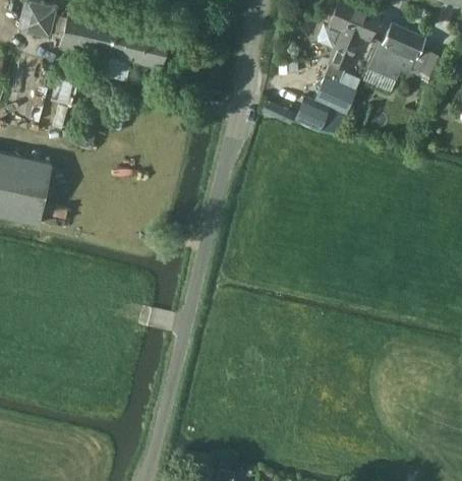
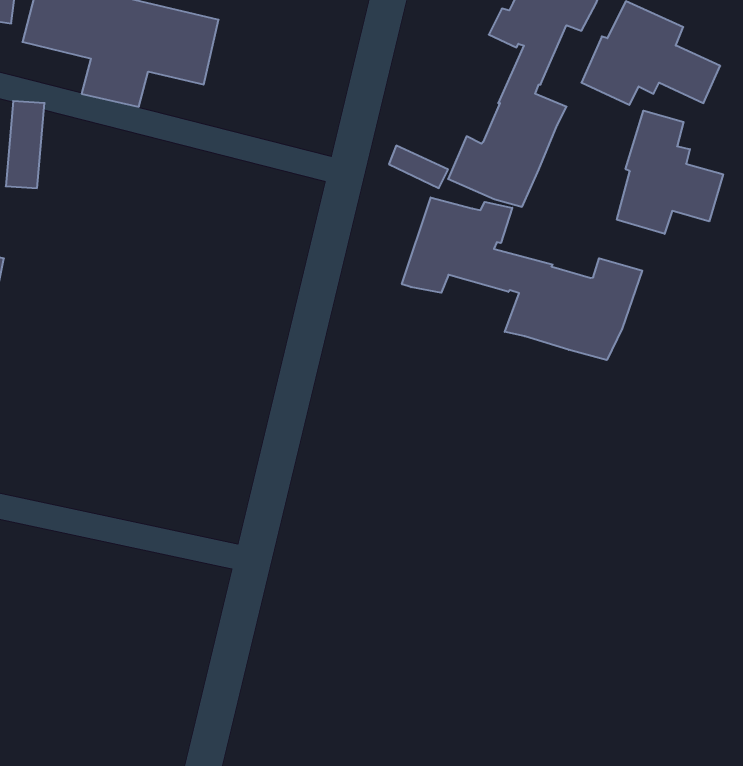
building: none -> [617,111,723,234]
building: none -> [402,197,642,360]

